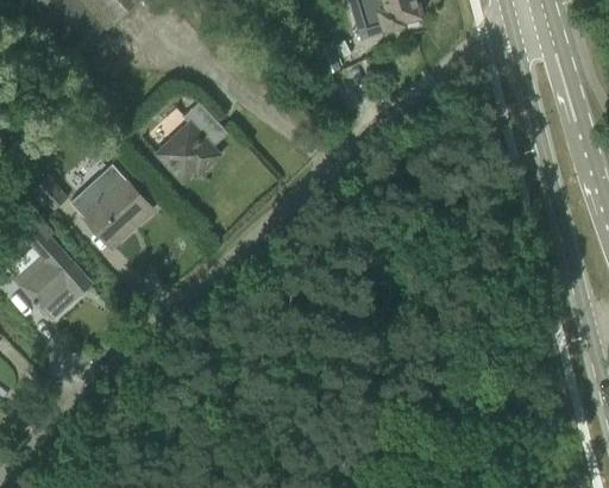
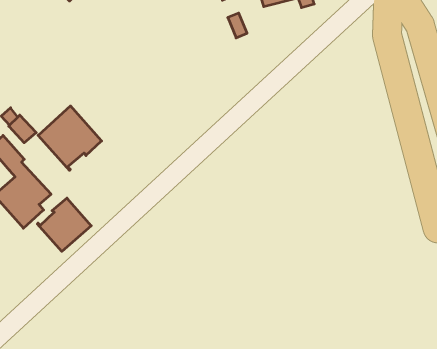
building: [155,101,228,183] -> none
building: none -> [37,198,91,251]

